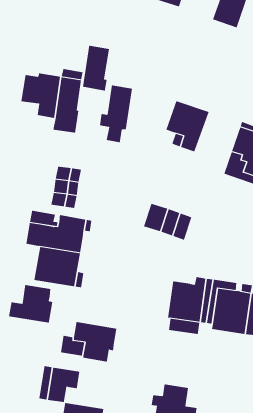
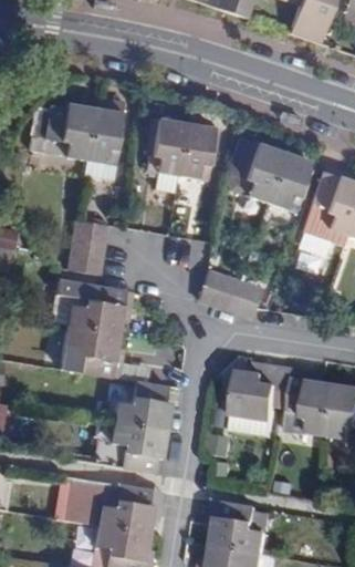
building: [82,45,110,91] -> [178,122,213,181]
building: none -> [265,152,311,215]
building: [8,284,53,323] -> [113,380,170,430]
building: none -> [98,484,154,533]

